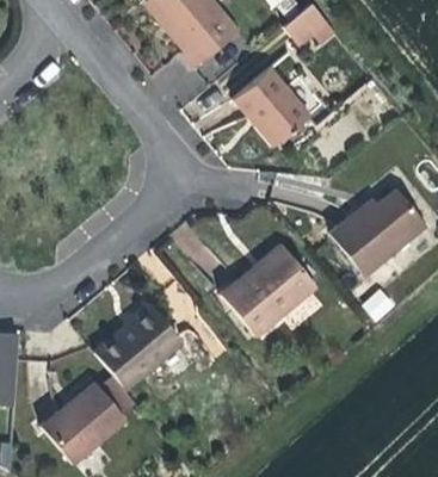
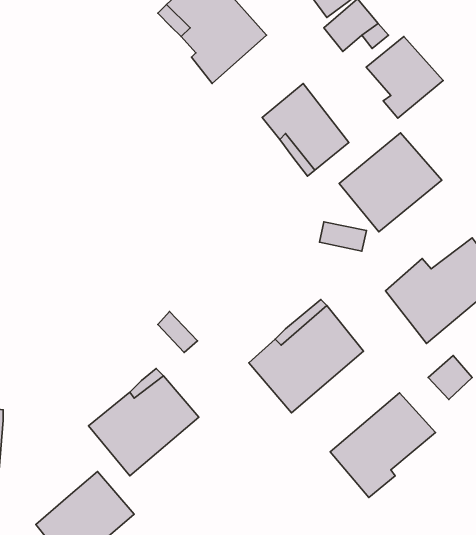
building: none -> [366,36,443,118]
building: none -> [339,133,442,232]
building: none -> [330,393,435,497]

